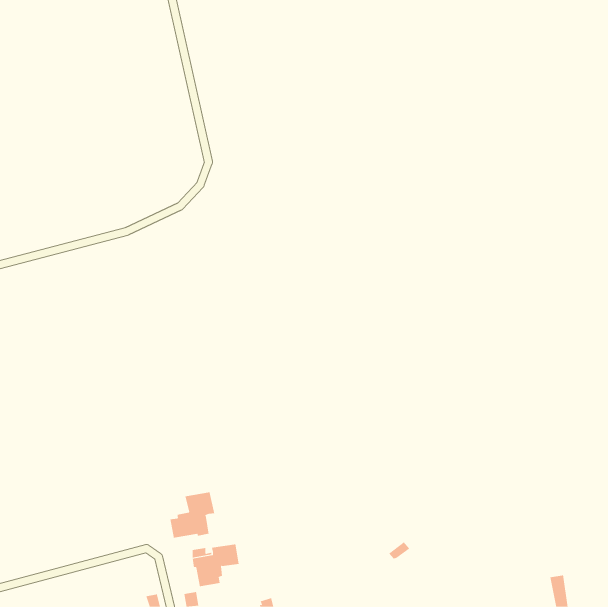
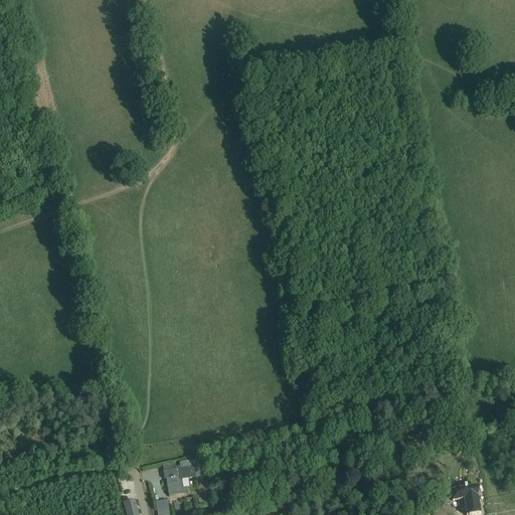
building: [170,491,215,538] -> none

